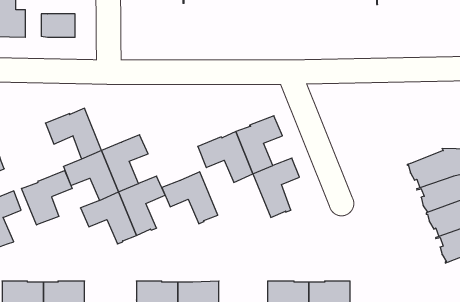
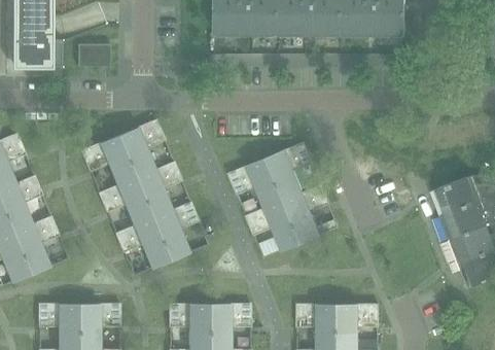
building: none -> [118,119,164,177]
building: [22,170,72,225] -> none
building: [162,172,218,224] -> [245,200,299,250]

